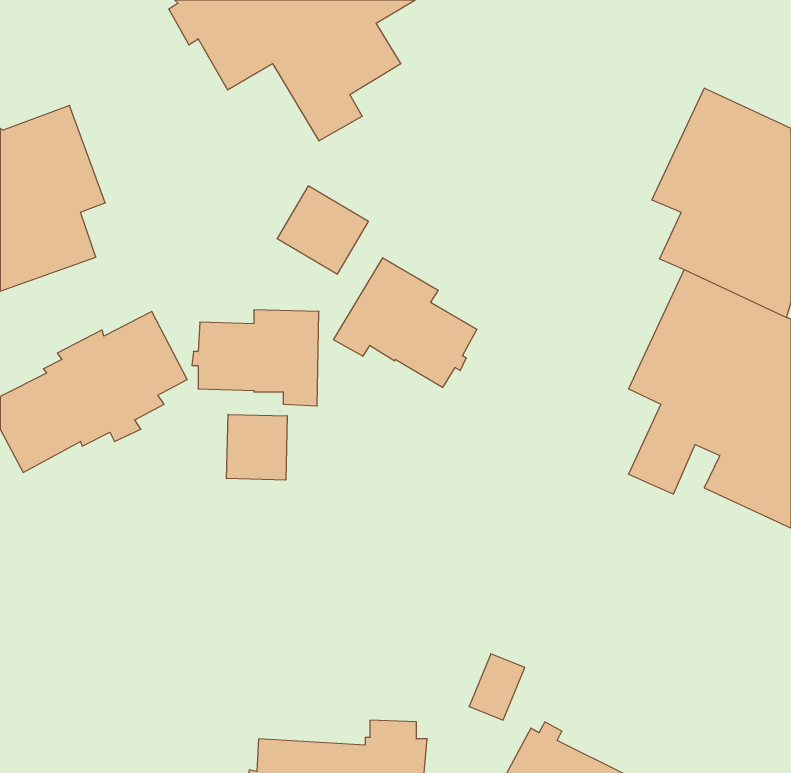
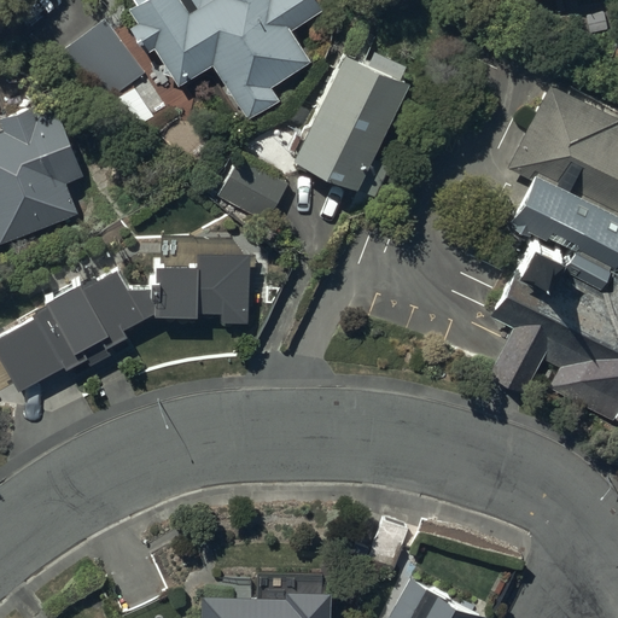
building: none -> [64,24,145,111]
building: none -> [292,46,406,206]
building: [334,258,477,387] -> none
building: [226,414,287,480] -> none

